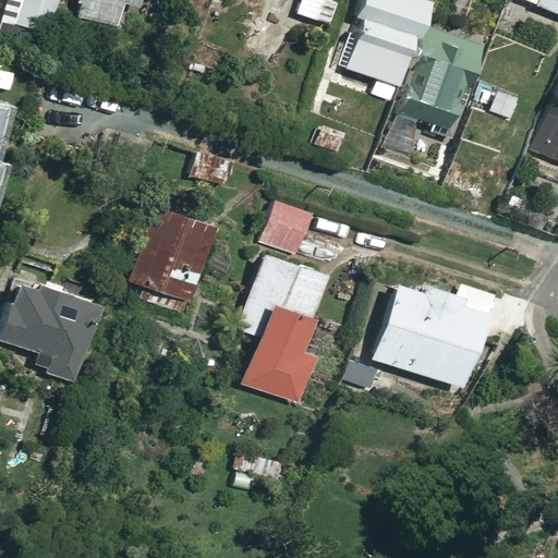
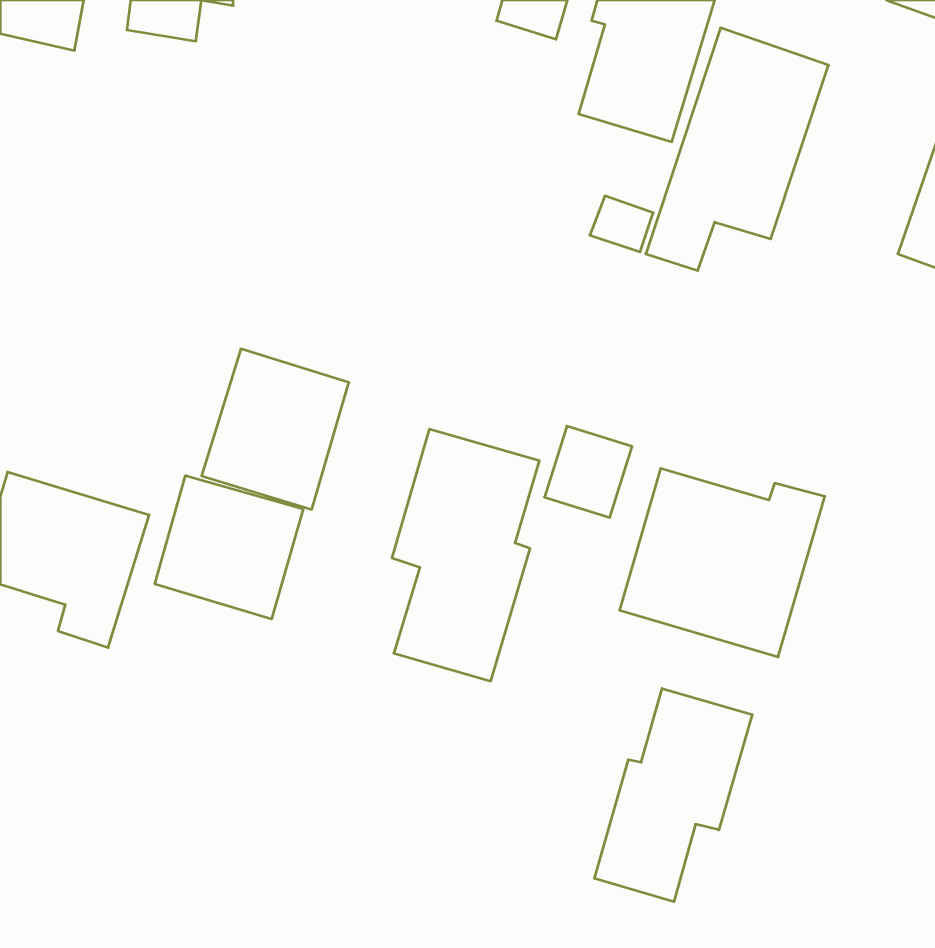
building: [264,202,315,255] -> [544,426,632,518]
building: none -> [155,476,303,619]
building: none -> [595,688,752,902]

